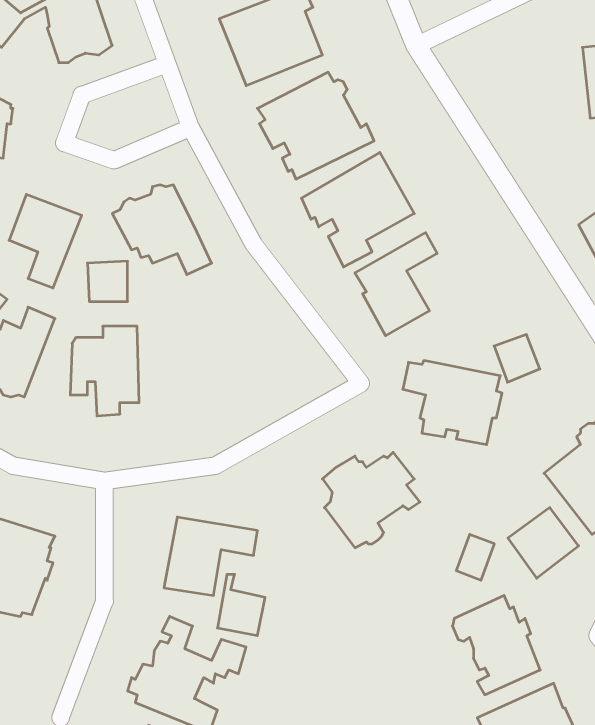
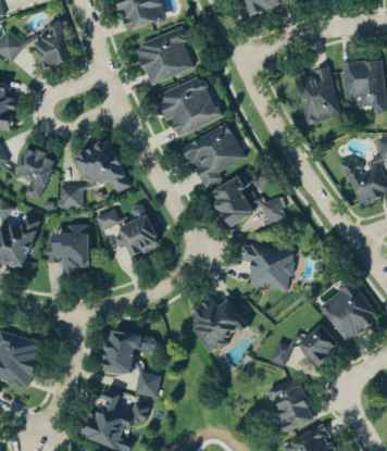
building: none -> [294,66,342,126]
building: none -> [95,202,159,253]
building: [494,335,540,382] -> [260,198,286,225]

